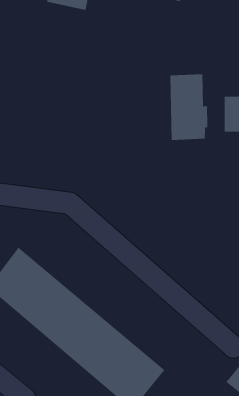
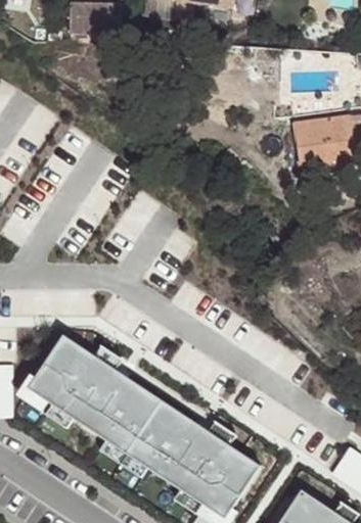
building: [170,74,208,141] -> none

